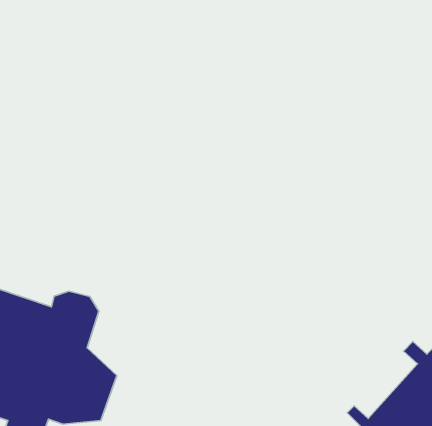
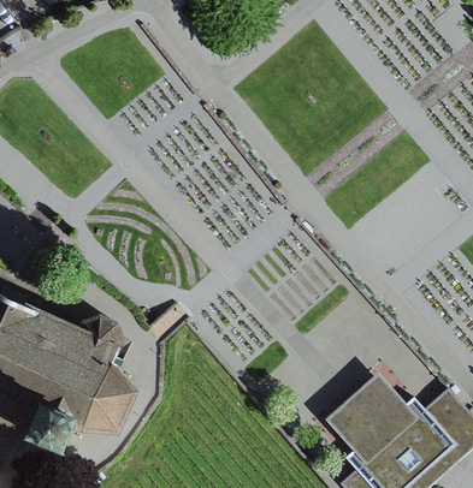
building: none -> [325,371,416,462]

